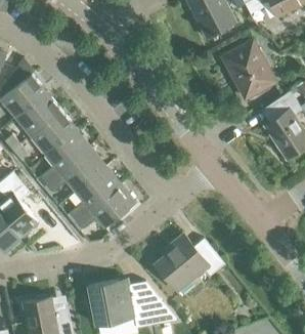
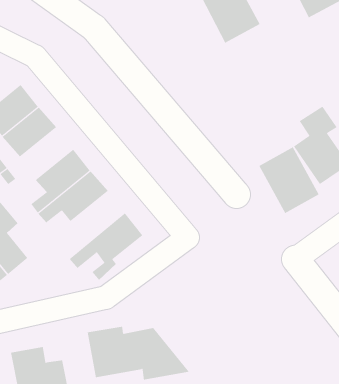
building: [222,41,274,98] -> [258,147,319,214]
building: [30,111,76,155] -> none
building: [66,165,120,223] -> none
building: [154,235,223,292] -> none

